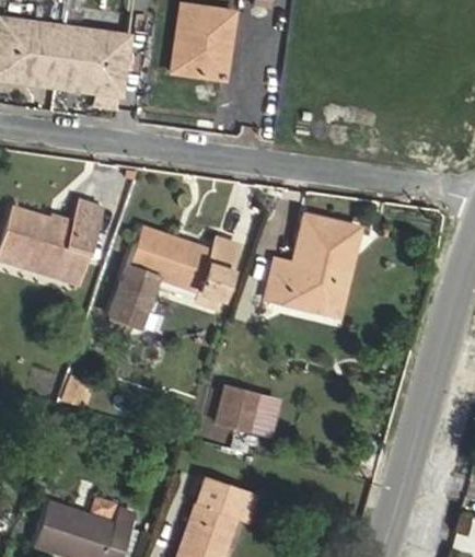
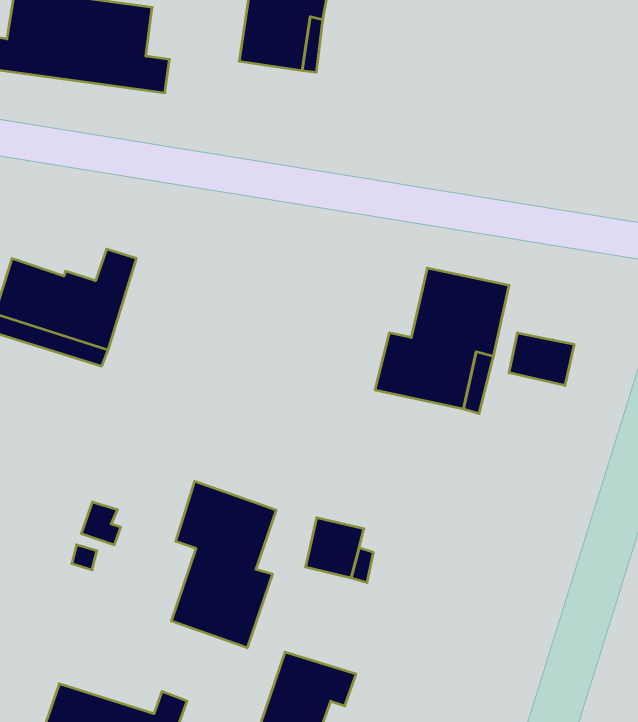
building: [112,225,239,325] -> none
building: none -> [509,333,574,386]
building: none -> [172,481,276,648]

